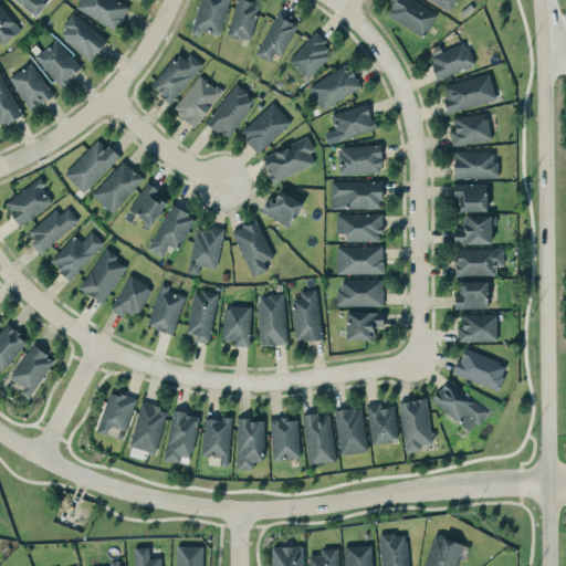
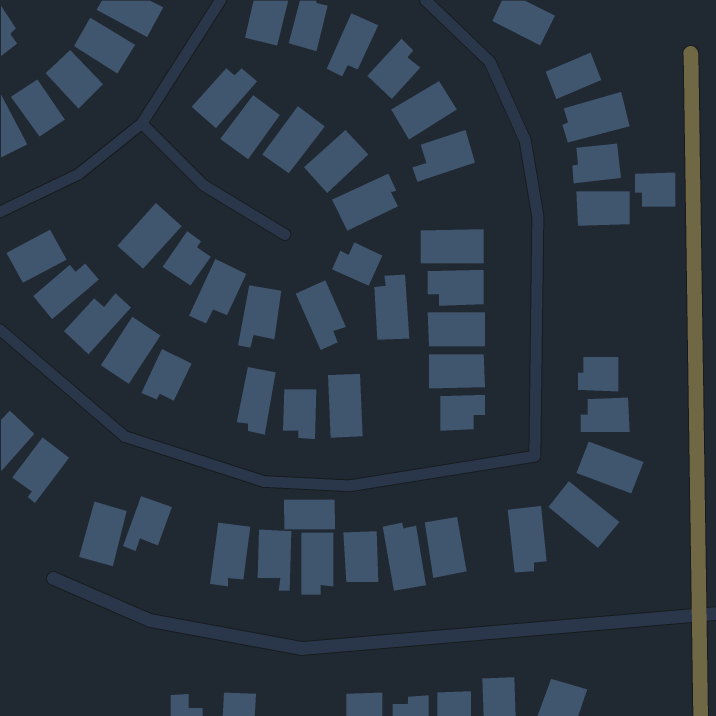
building: [65,138,118,192] -> none
building: [339,146,382,175] -> none
building: [454,184,488,211] -> [634,172,676,207]
building: [454,216,494,244] -> none
building: [457,249,504,277] -> none
building: [148,283,186,335] -> none
building: [293,290,322,342] -> [374,274,410,340]
building: none -> [283,499,336,530]
building: [129,402,168,454] -> [78,501,127,567]
building: [366,403,400,446] -> none

